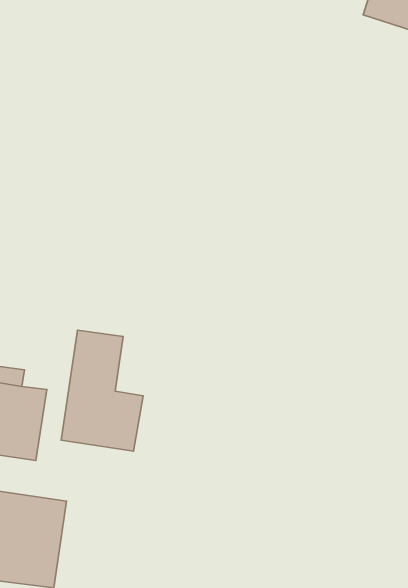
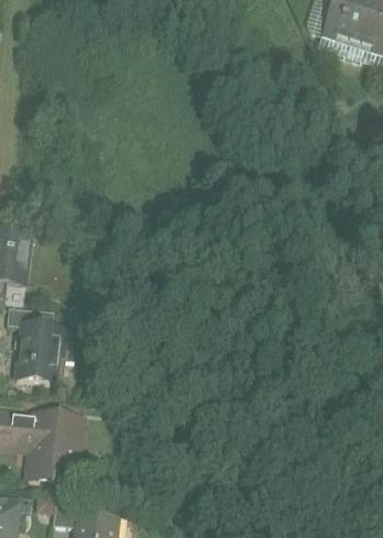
building: [61,330,143,451] -> none

